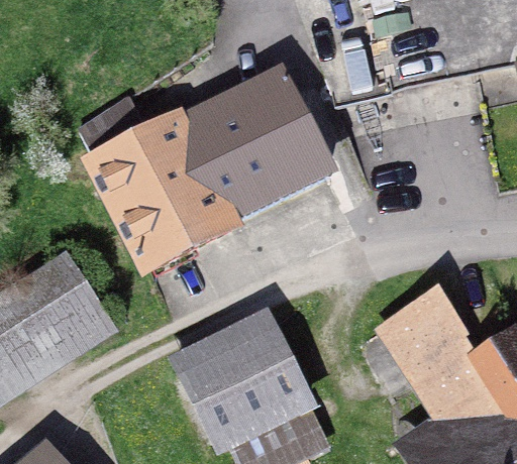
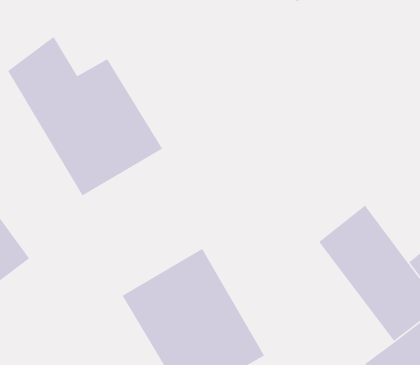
building: [184,70,328,216] -> none

